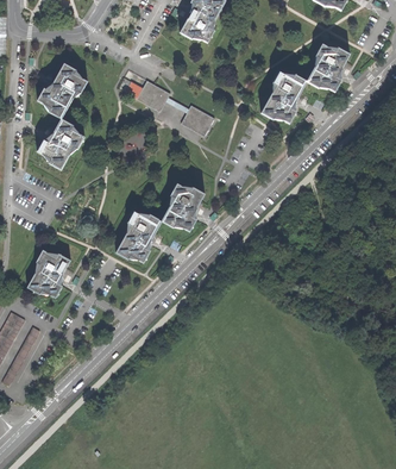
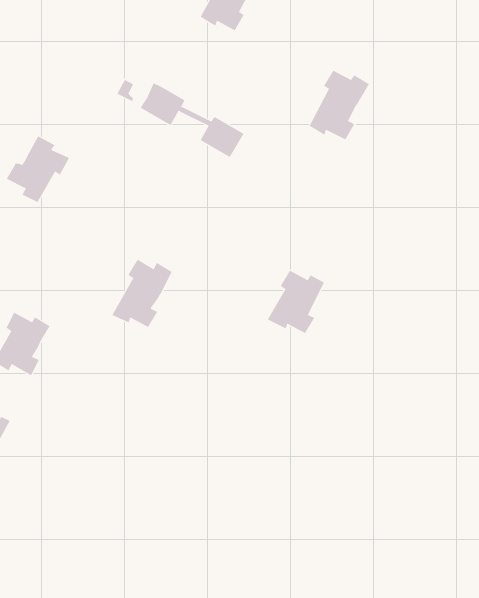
building: [307,44,350,92] -> none
building: [38,64,87,119] -> none
building: [161,183,203,231] -> [267,270,325,334]

